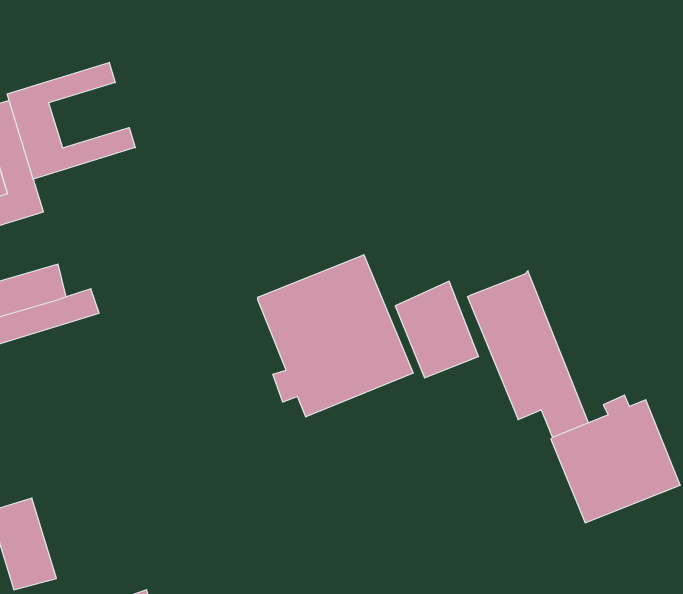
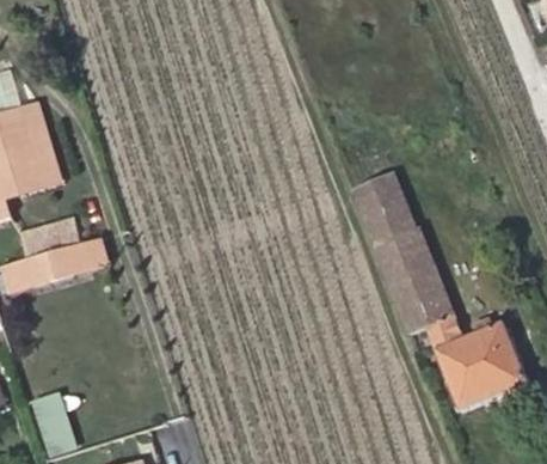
building: [7,62,135,179] -> none
building: [258,255,413,417] -> none
building: [395,281,479,378] -> [355,173,416,244]

